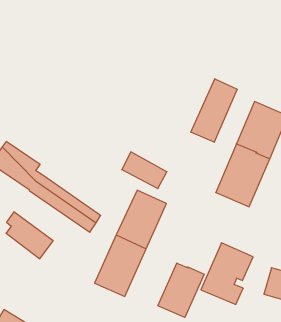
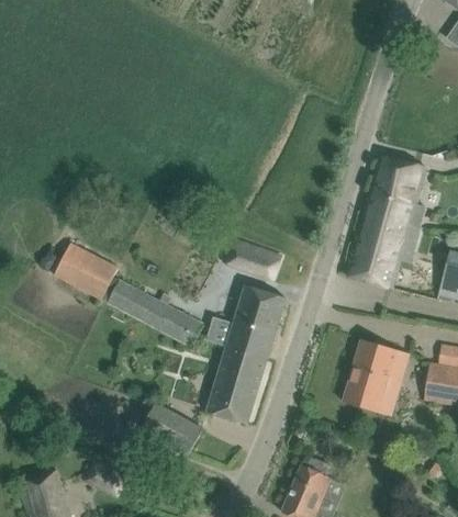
building: [191,79,237,142] -> none
building: [6,212,53,259] -> [141,397,203,453]
building: [158,263,204,317] -> none

